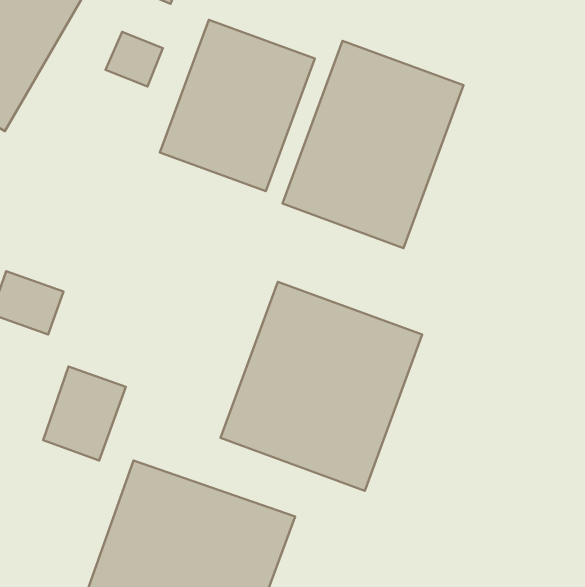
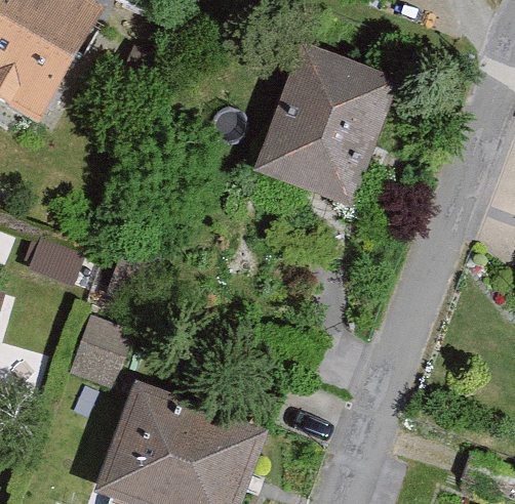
building: [160,20,315,191] -> none
building: [220,282,422,491] -> none

